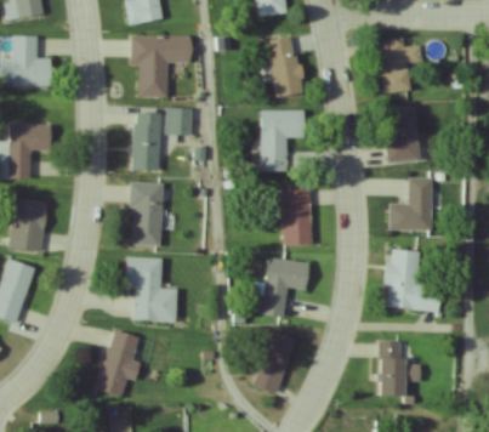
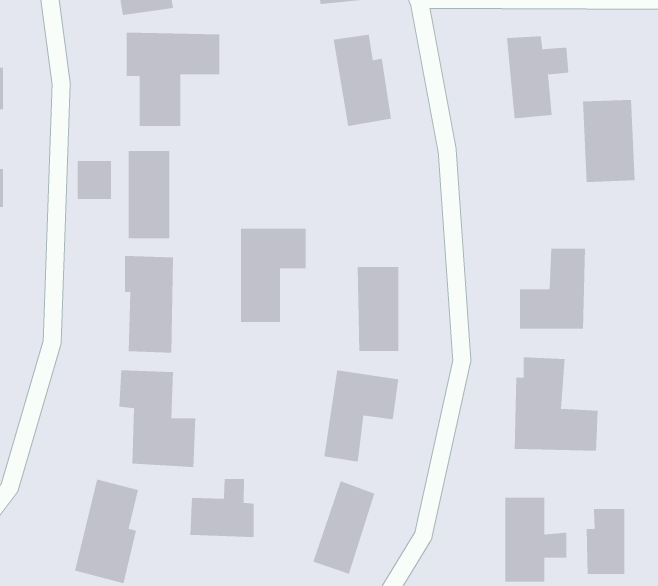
building: [167,108,191,133] -> [77,161,112,199]
building: [385,108,420,163] -> [582,99,636,182]
building: [261,110,305,172] -> [240,228,307,322]
building: none -> [190,478,254,538]
building: none -> [586,508,625,575]

